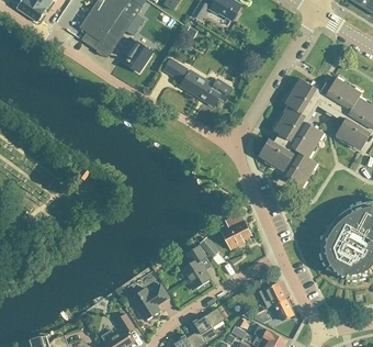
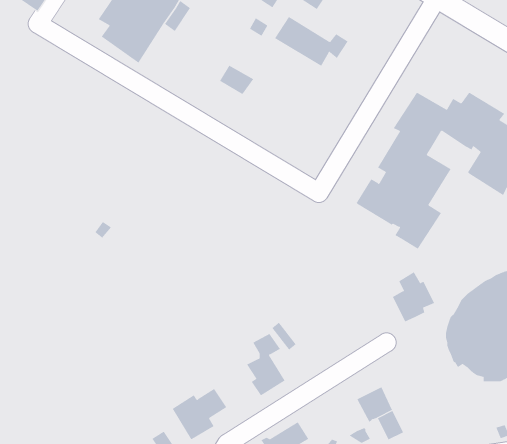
building: [121,38,152,72] -> none
building: [180,70,231,105] -> [274,16,348,67]
building: [222,214,251,249] -> [392,272,435,322]

